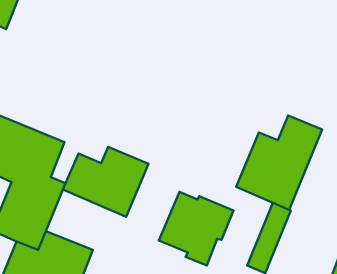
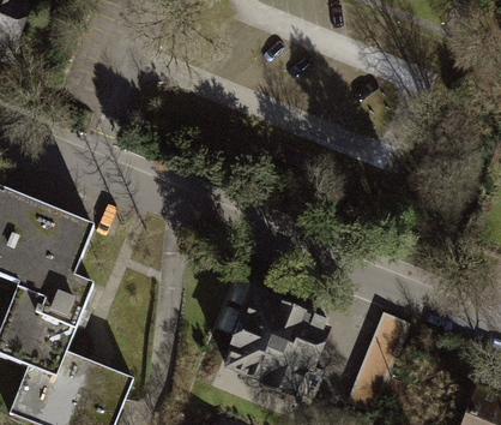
building: [236,116,322,210] -> none
building: [63,147,148,217] -> none

